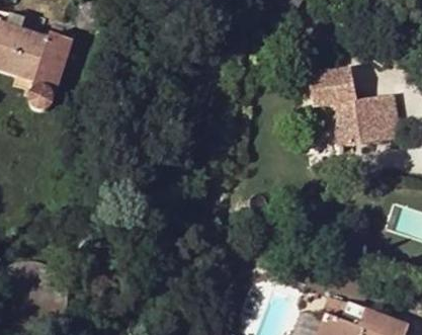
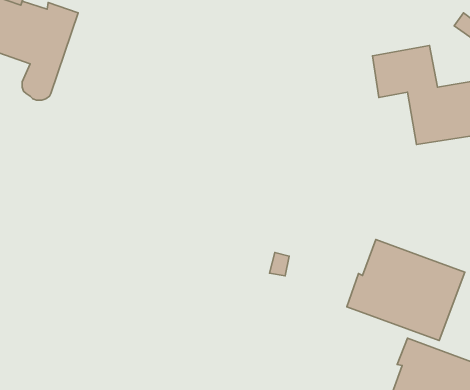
building: none -> [347,240,465,341]

